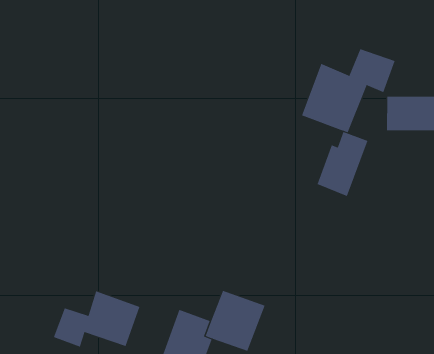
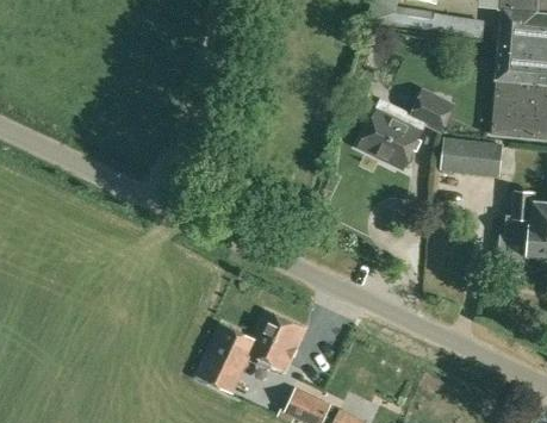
building: [317,131,368,197] -> none
building: [53,290,140,347] -> none

